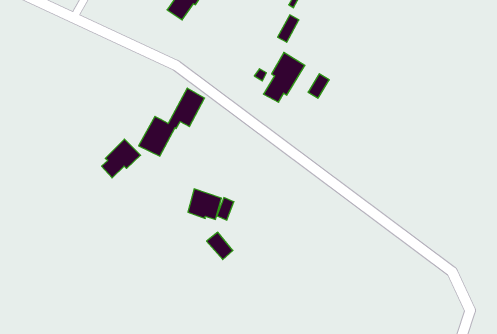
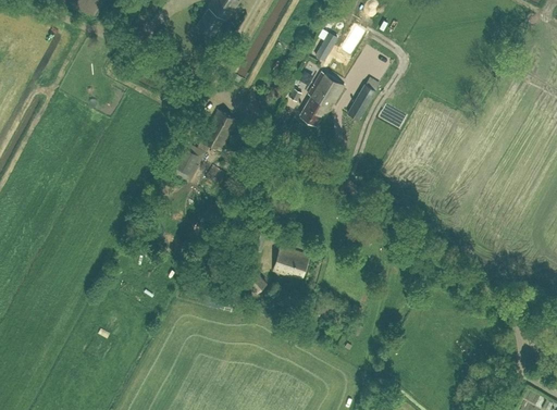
building: [102,139,141,178] -> none
building: [188,189,221,219] -> [273,246,309,278]

